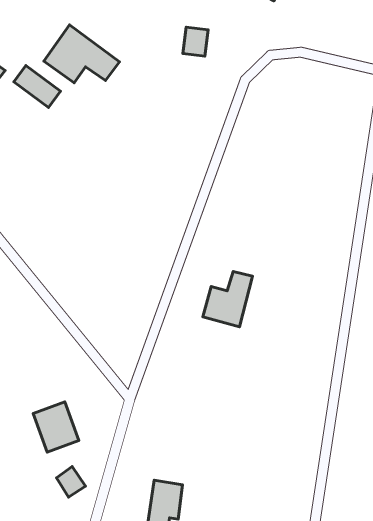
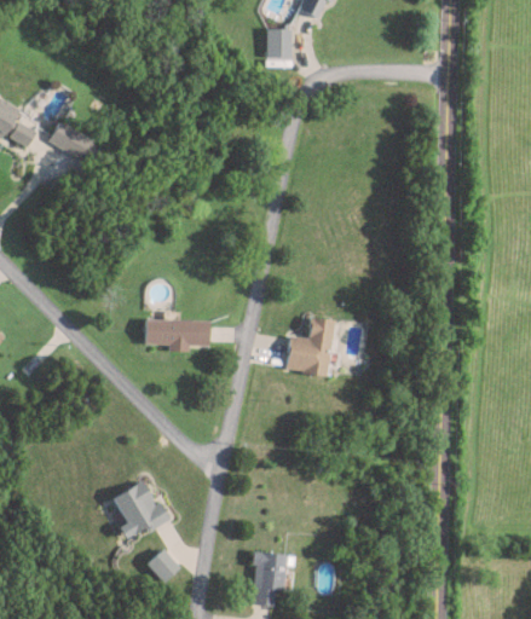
building: [44,25,120,83] -> none
building: [183,27,208,56] -> [266,28,290,57]
building: none -> [145,318,208,346]

